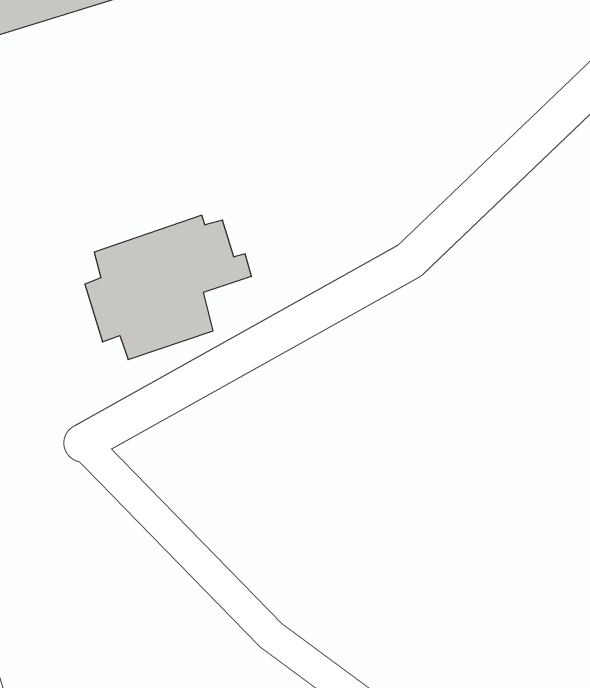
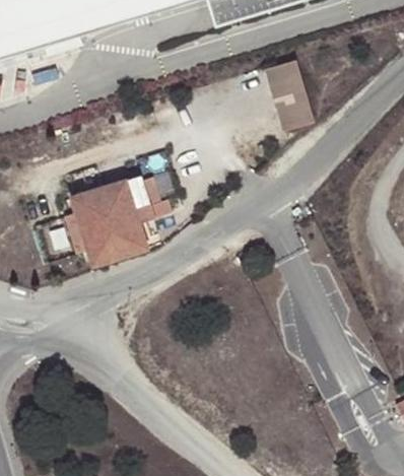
building: none -> [261,53,315,126]

